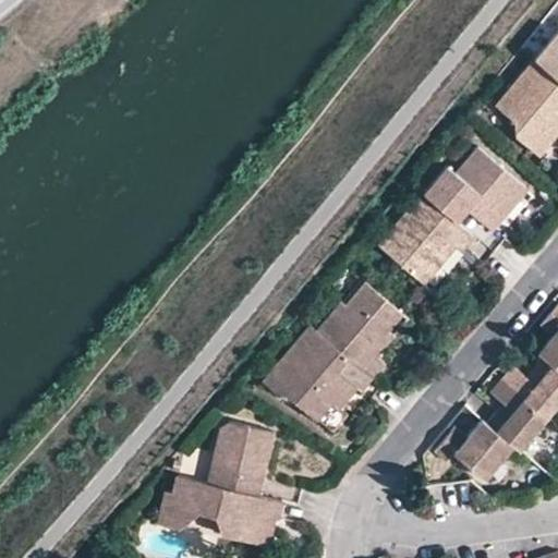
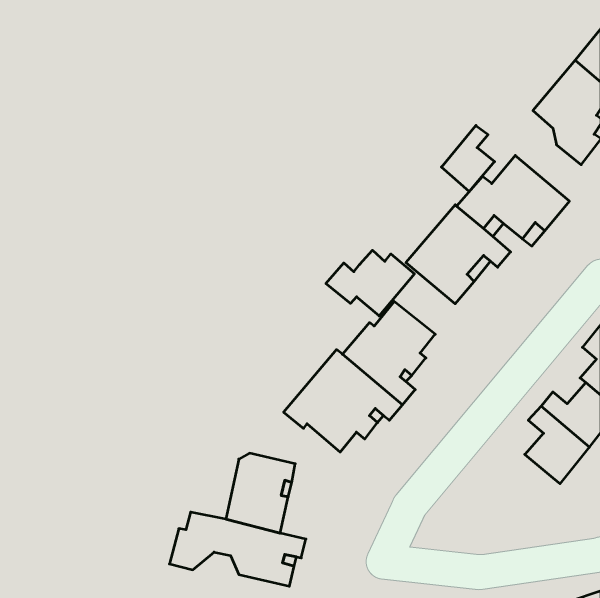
building: none -> [441,125,495,191]
building: none -> [326,250,414,316]
building: [435,420,513,480] -> none

